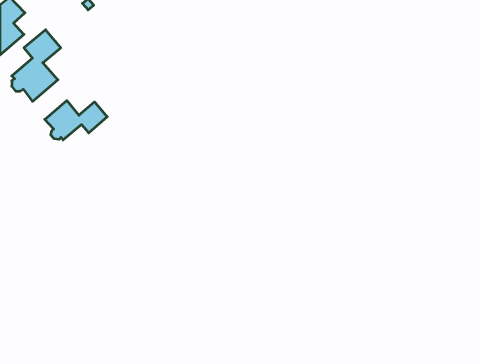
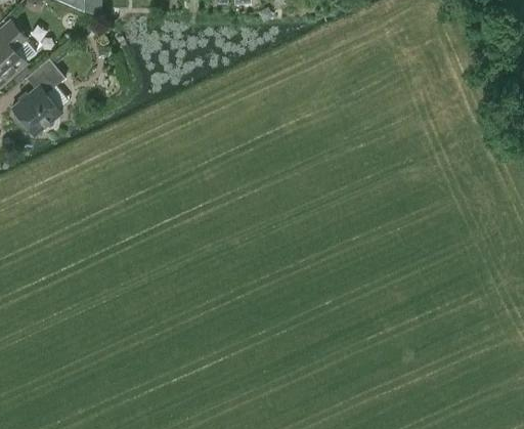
building: [45,101,107,140] -> none

